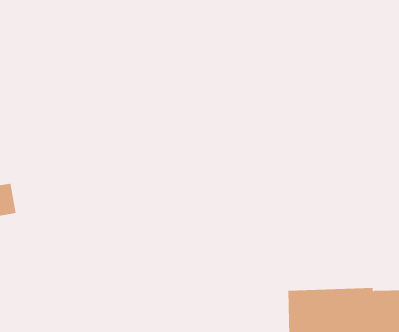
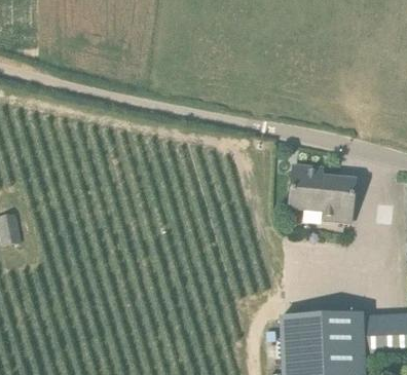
building: none -> [290,163,353,221]

